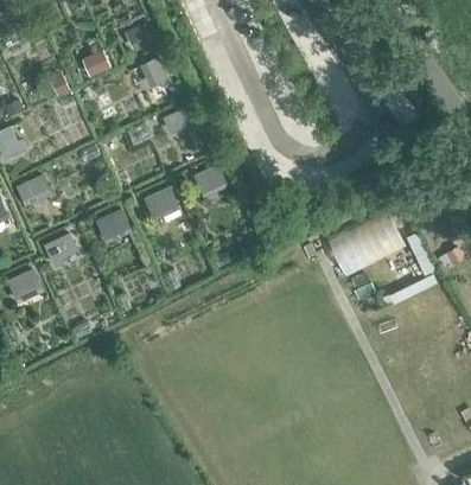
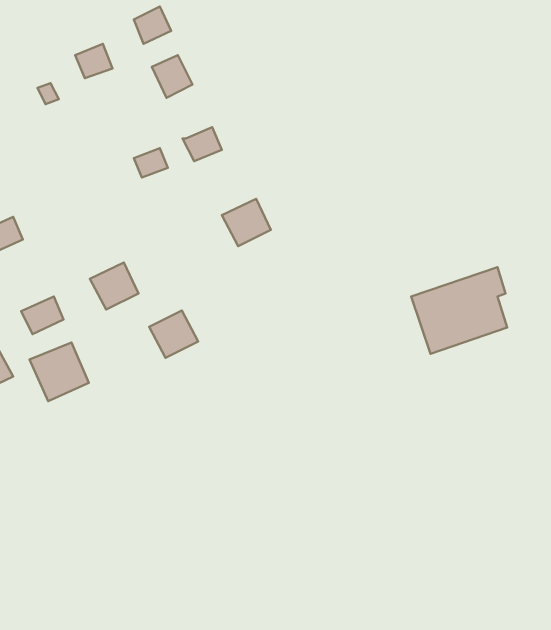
building: [144,185,179,219] -> [149,310,198,358]
building: none -> [29,342,89,401]

